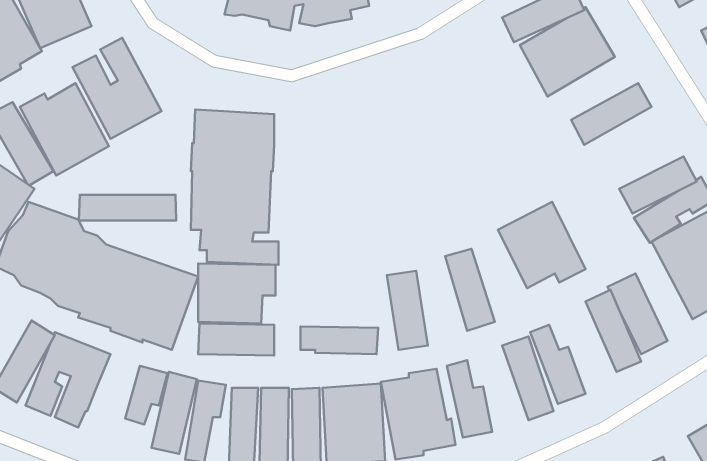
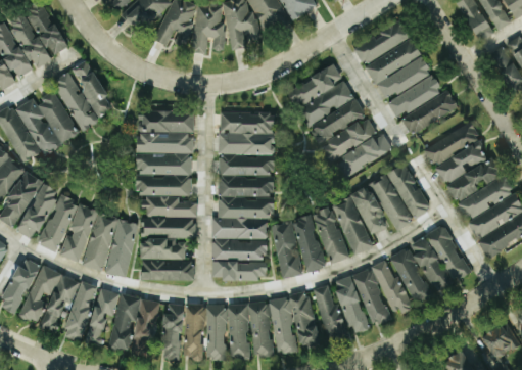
building: none -> [288,65,392,177]
building: none -> [386,75,441,118]
building: none -> [210,112,273,260]
building: none -> [423,121,479,166]
building: none -> [389,163,428,219]
building: [79,195,176,220] -> none
building: none -> [332,195,372,255]
building: none -> [292,215,324,272]
building: none -> [390,247,431,306]
building: none -> [333,275,369,335]
building: none -> [63,280,97,339]

